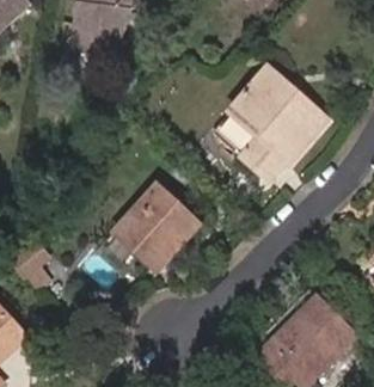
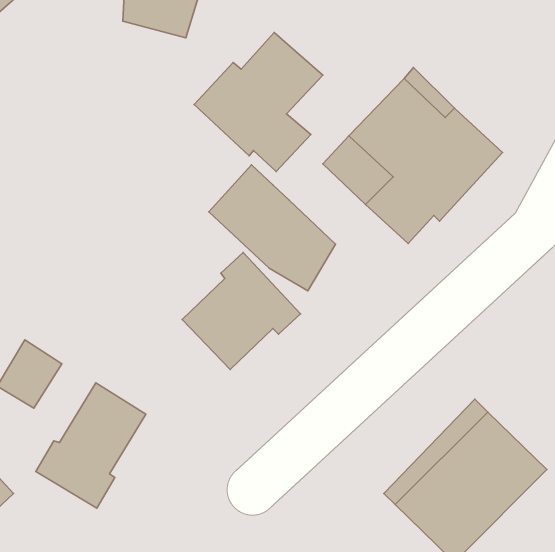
building: none -> [194,33,323,171]
building: none -> [209,165,336,291]
building: none -> [36,383,146,508]

